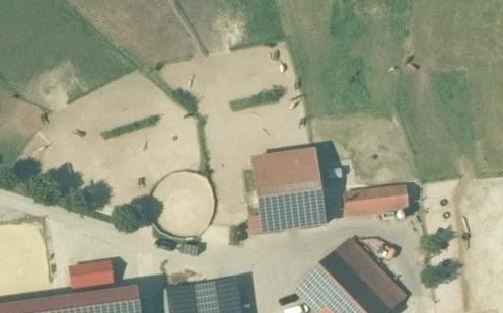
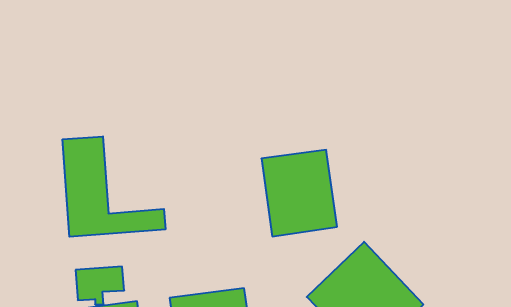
building: none -> [63,136,165,237]
building: [343,183,409,213] -> none

